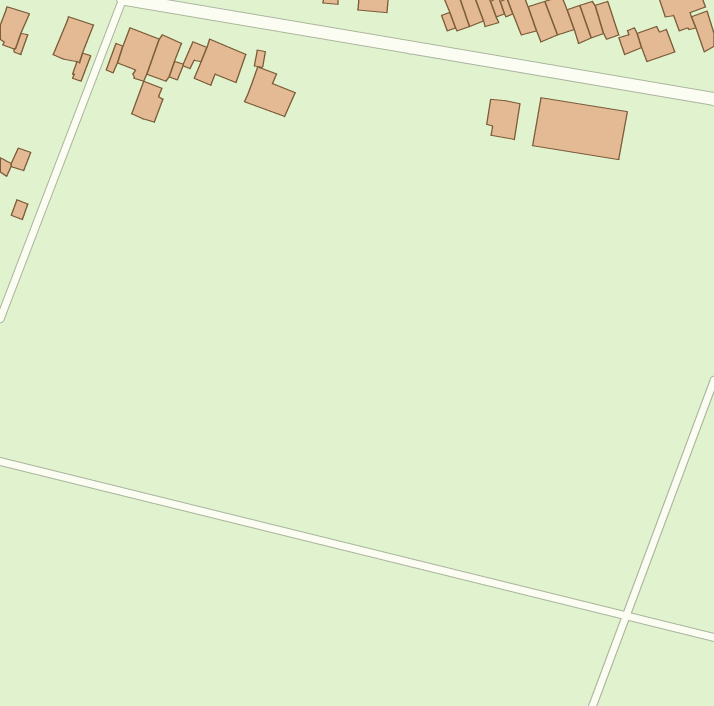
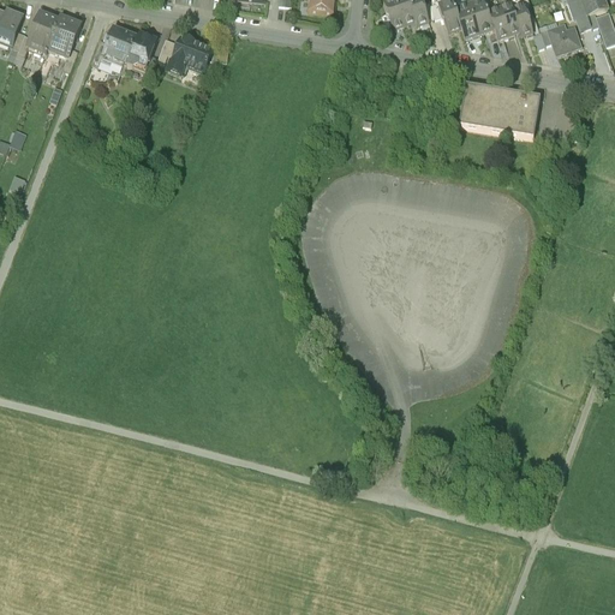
building: none -> [26,11,58,49]
building: [244,67,295,117] -> none
building: [132,81,163,122] -> none
building: [487,99,520,140] -> none

